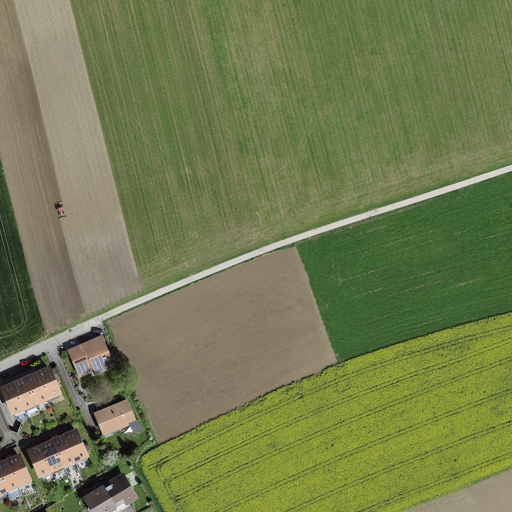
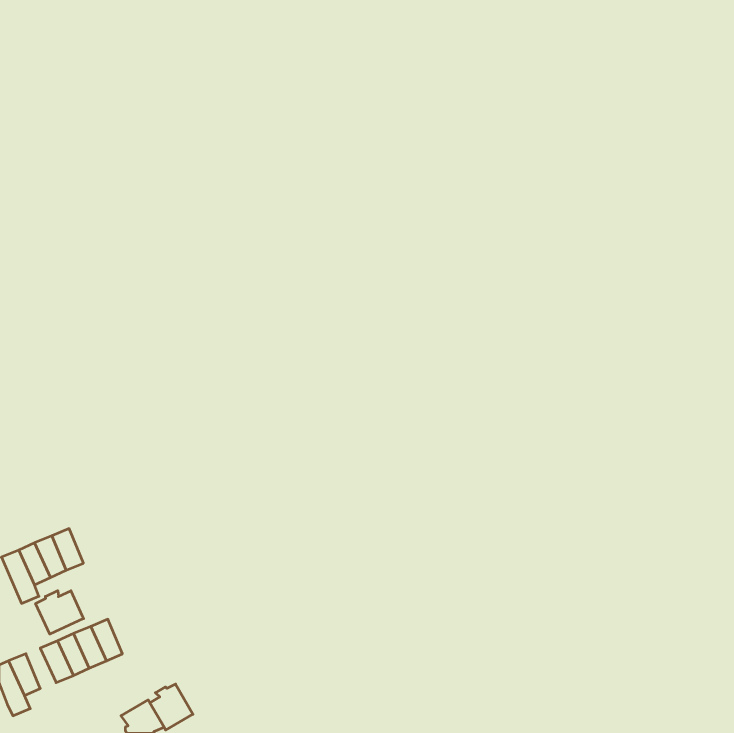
building: [68,334,110,372] -> none
building: [94,399,134,432] -> none
building: none -> [36,591,84,634]

